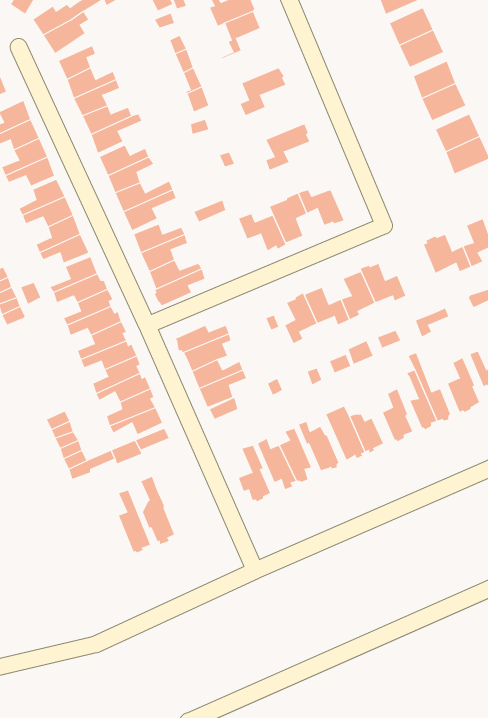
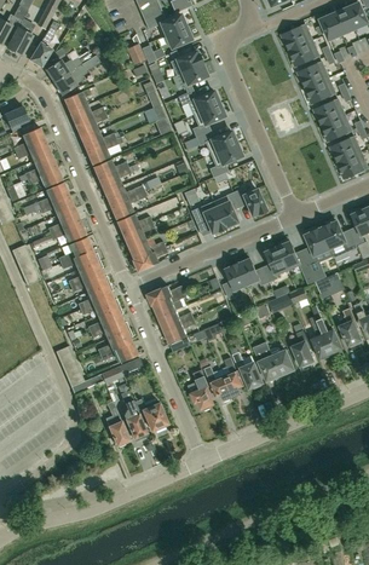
building: none -> [179,91,220,115]
building: none -> [196,131,237,155]
building: none -> [304,229,330,265]
building: none -> [134,398,167,432]

